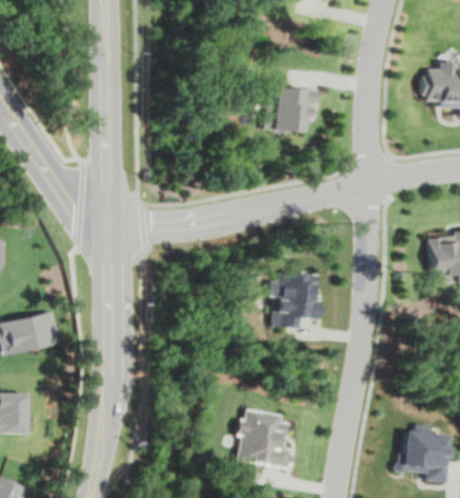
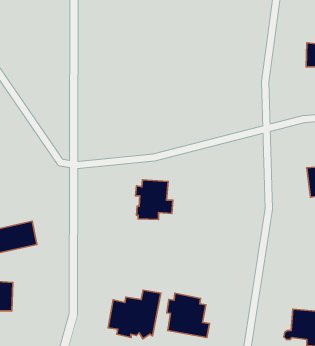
building: [264,86,314,131] -> none
building: [269,273,320,327] -> [136,180,173,220]
building: none -> [108,290,161,339]

